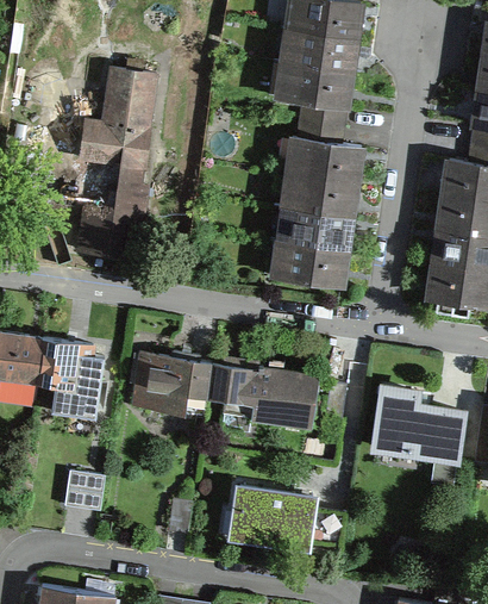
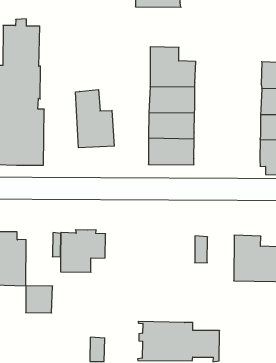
building: [284,64,350,126] -> none
building: none -> [76,90,114,148]
building: [206,360,313,424] -> none
building: [64,471,105,511] -> [26,286,53,313]

